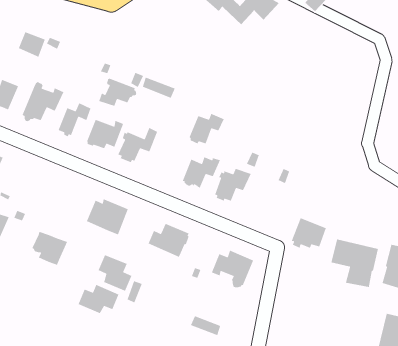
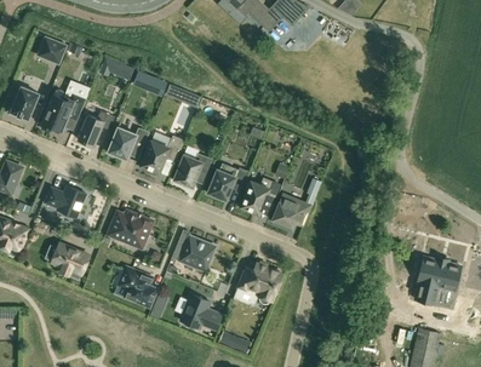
building: [98,78,137,107] -> none
building: [189,113,225,144] -> [174,153,212,185]
building: none -> [45,185,86,217]
building: [291,217,327,249] -> [273,194,310,226]
building: [331,238,379,288] -> none
building: none -> [181,294,222,329]
building: [77,284,119,314] -> none

